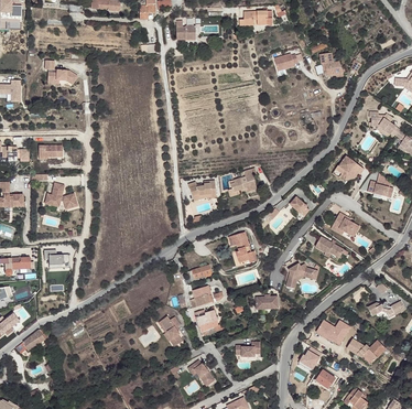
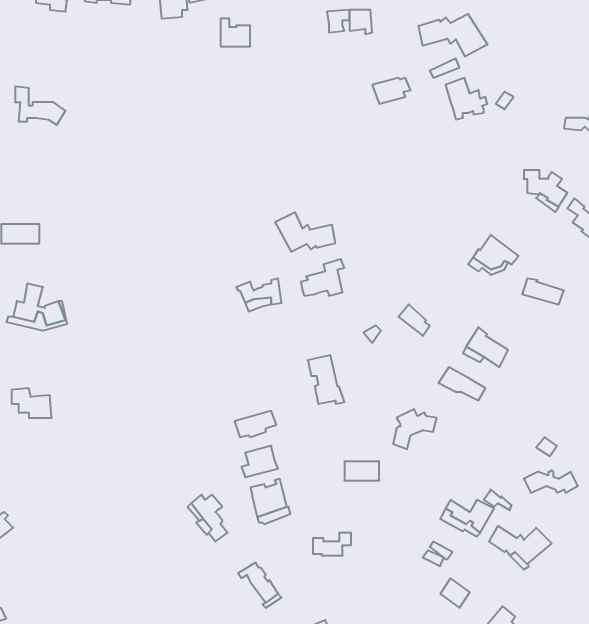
building: none -> [418,14,488,57]
building: none -> [275,212,335,252]

